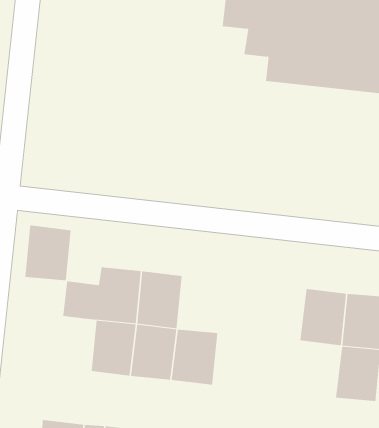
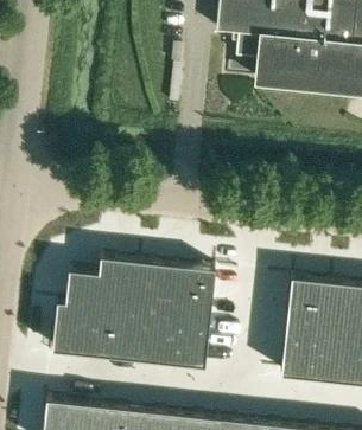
building: [24,225,72,281] -> [51,303,95,355]
building: none -> [171,267,215,320]
building: none -> [280,327,324,380]

